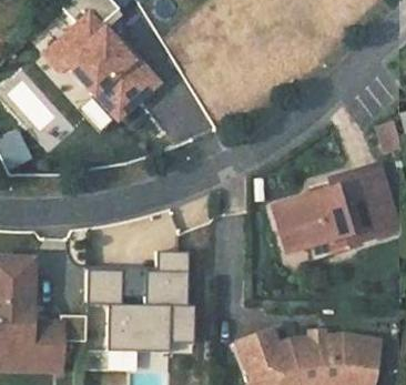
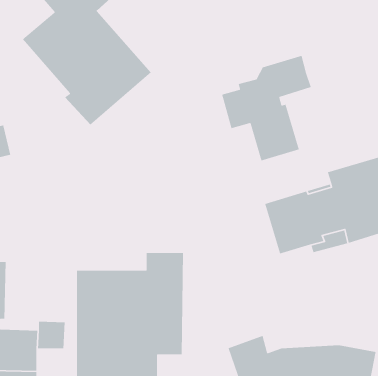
building: none -> [221,55,312,161]

